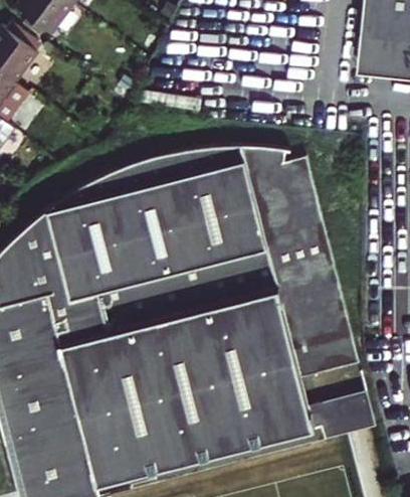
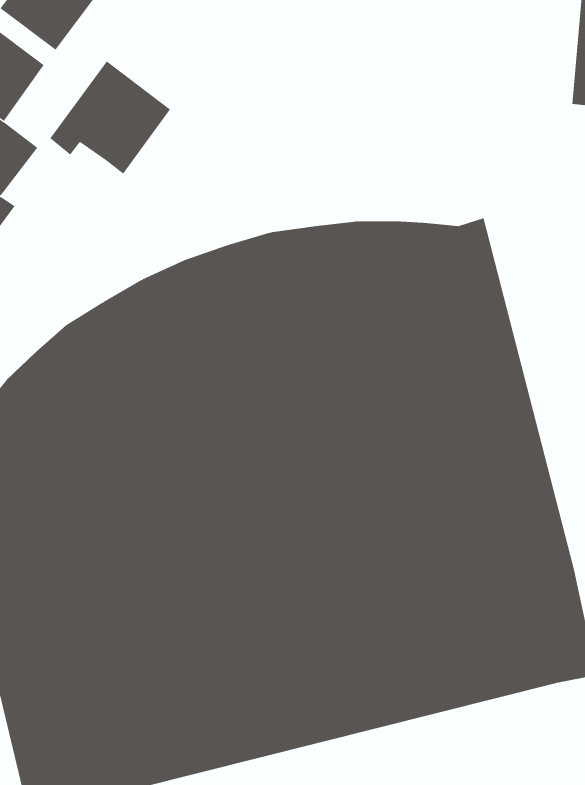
building: none -> [49,60,171,175]

